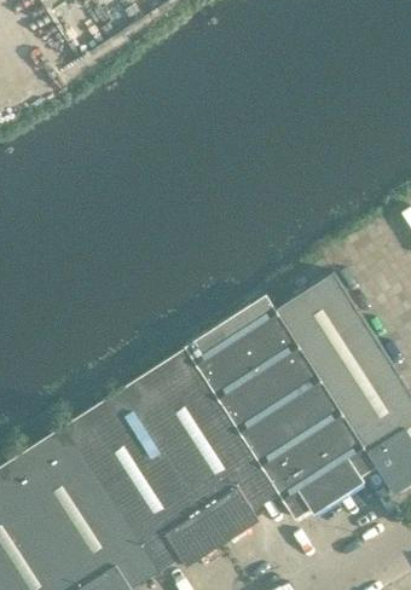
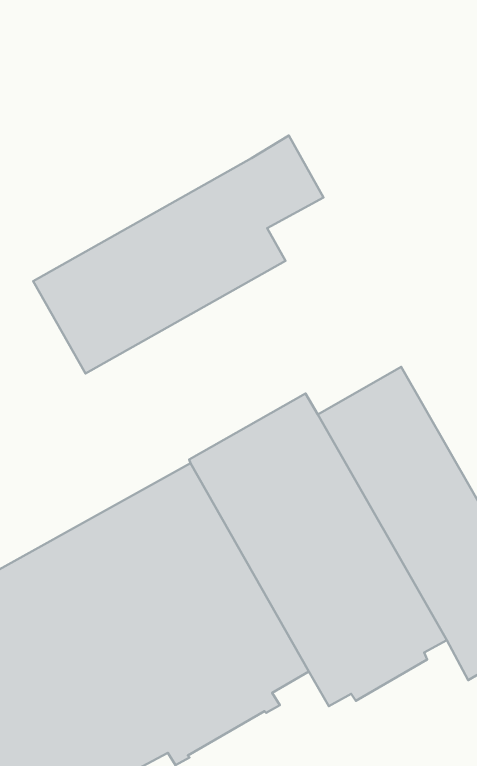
building: none -> [33,135,324,373]

